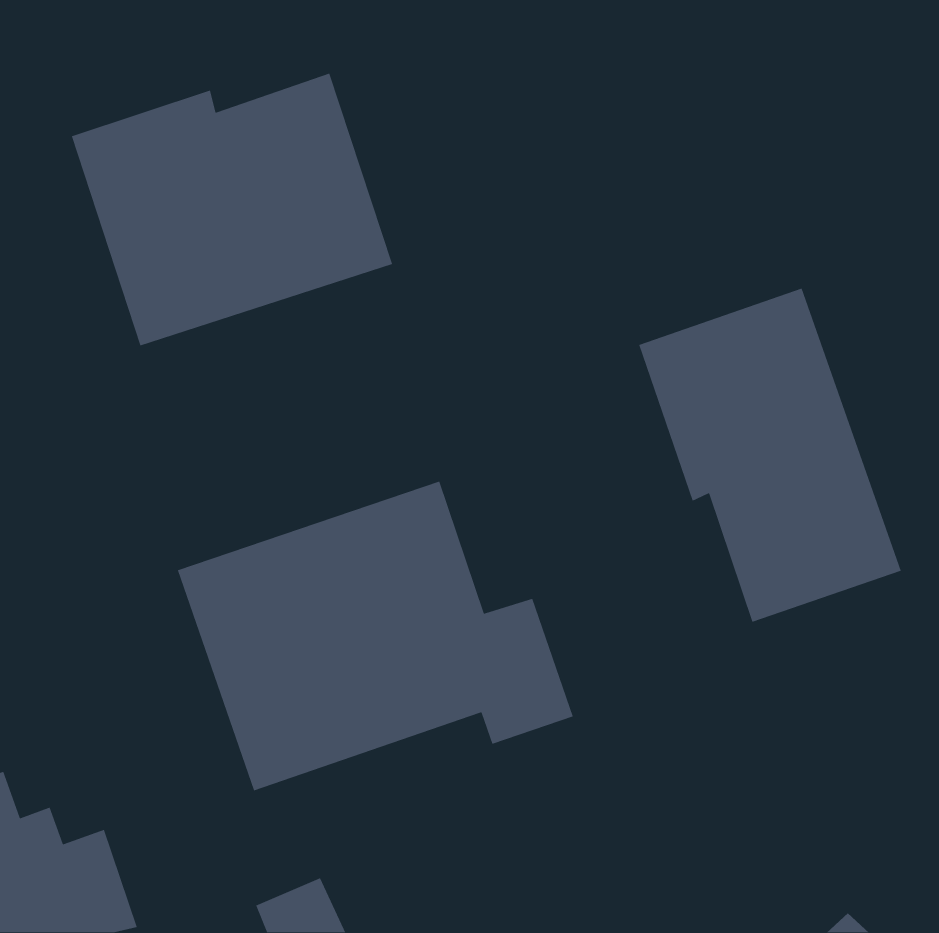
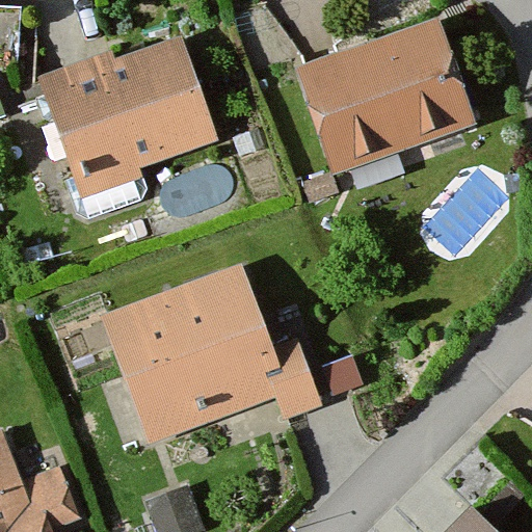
building: none -> [297,21,477,174]
building: [638,288,902,623] -> none

